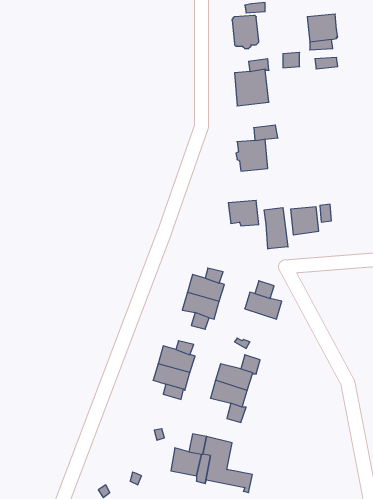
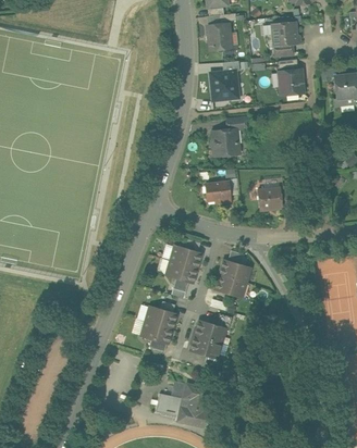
building: none -> [279,70,301,95]
building: [264,208,288,249] -> none
building: none -> [213,274,245,297]

